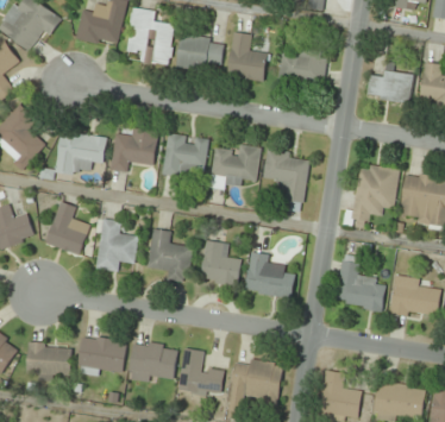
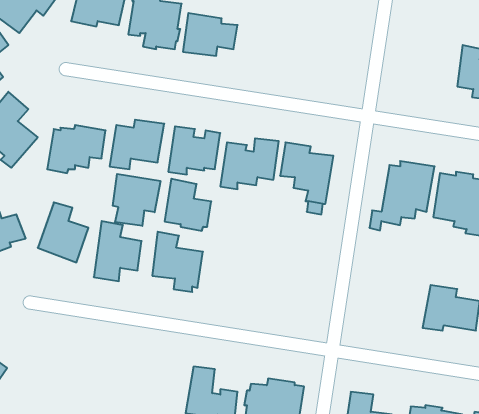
building: [226,31,267,81] -> none
building: [276,46,326,87] -> none
building: [365,69,414,105] -> none
building: none -> [113,174,160,226]
building: [200,238,242,284] -> [165,179,211,231]
building: [245,251,295,297] -> none
building: [336,253,386,311] -> none
building: [76,335,127,376] -> none
building: [26,340,71,378] -> none
building: [129,340,177,378] -> none

